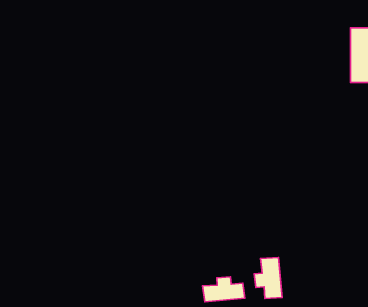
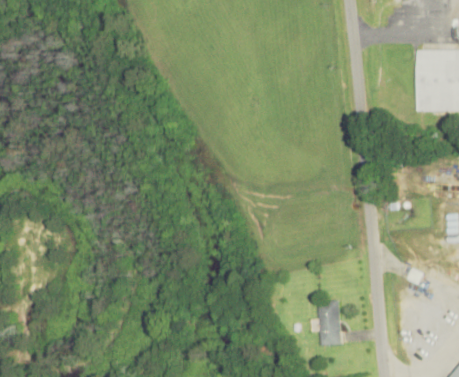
building: [203,277,245,302] -> none

